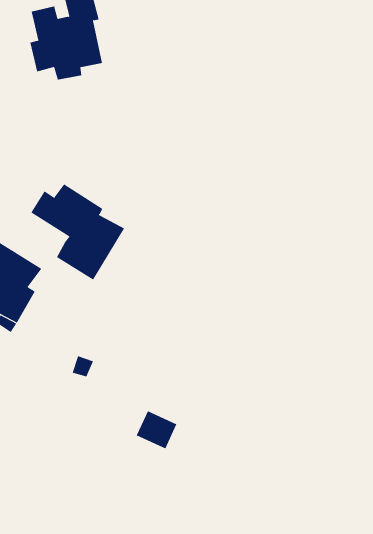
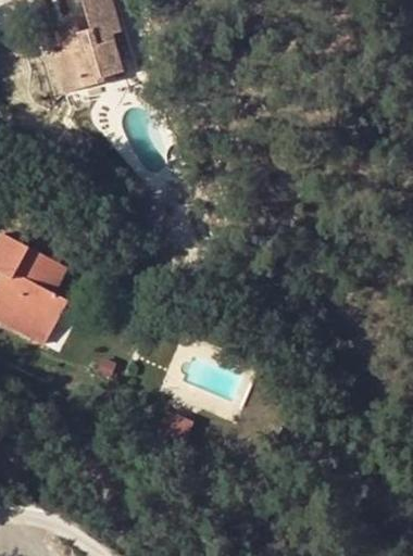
building: [31,183,125,281] -> none

